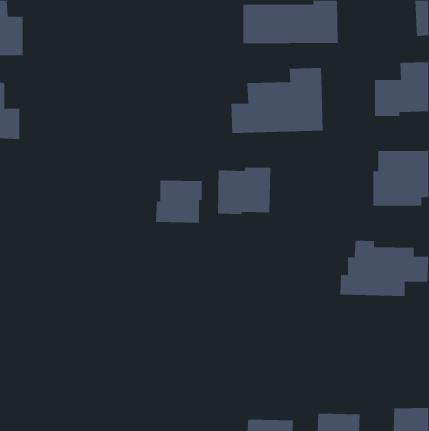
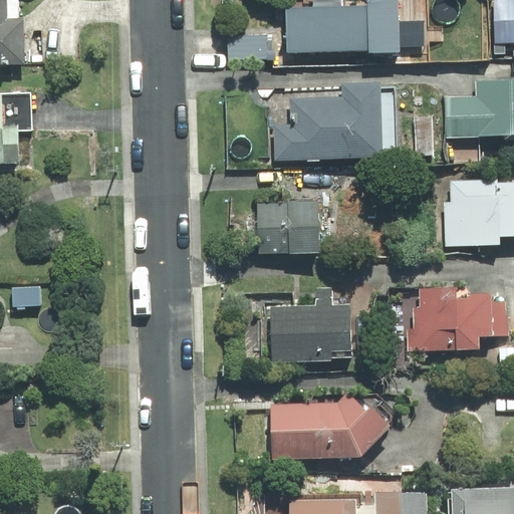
building: [156,180,202,223] -> none
building: none -> [269,287,354,362]
building: none -> [271,376,404,456]

